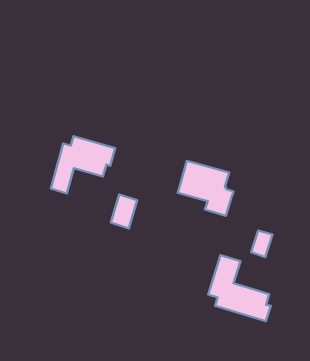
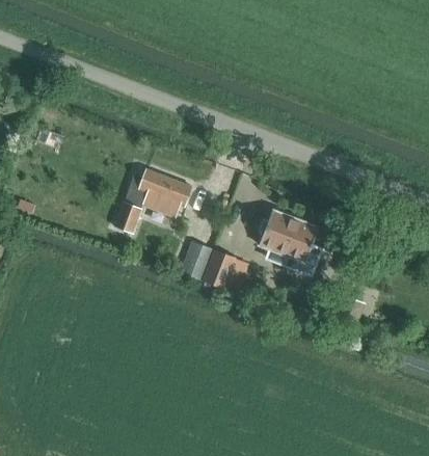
building: none -> [202,249,235,288]
building: [208,255,271,321] -> none

